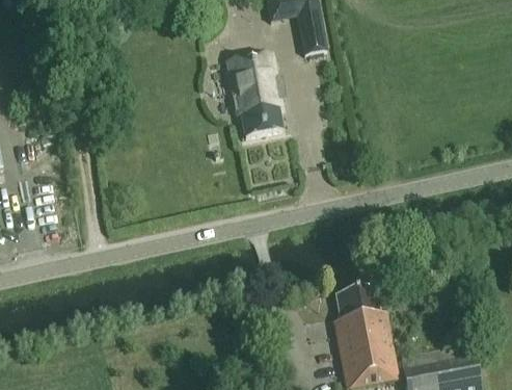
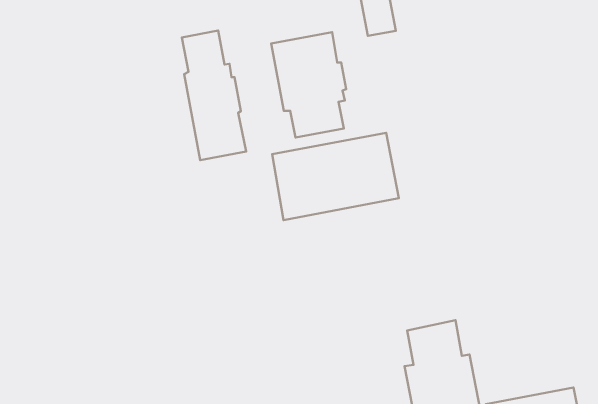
building: none -> [182,30,246,160]
building: none -> [272,133,399,220]

